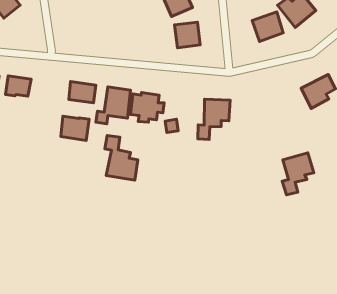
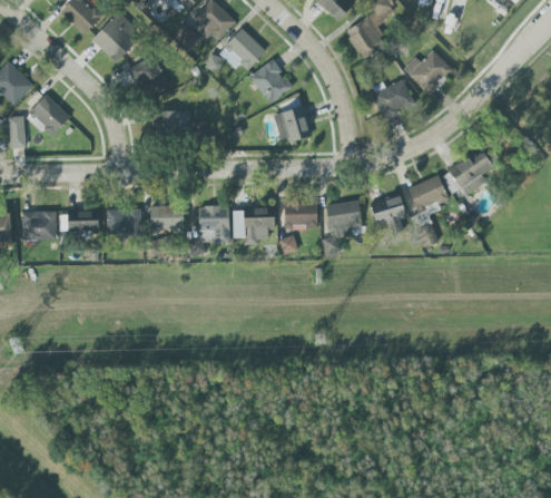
building: none -> [152,110,189,133]
building: none -> [283,203,317,230]
building: none -> [370,195,405,233]
building: [61,116,89,140] -> [106,208,140,236]
building: [105,135,138,180] -> none
building: [282,153,314,195] -> [406,175,449,233]

